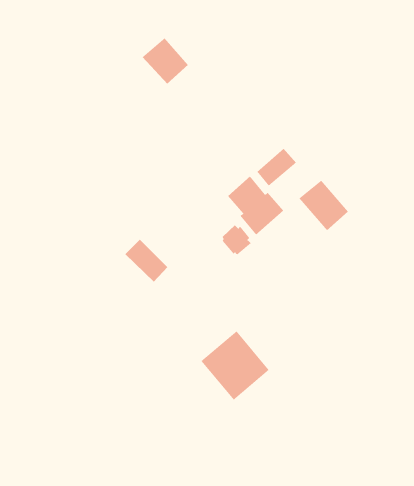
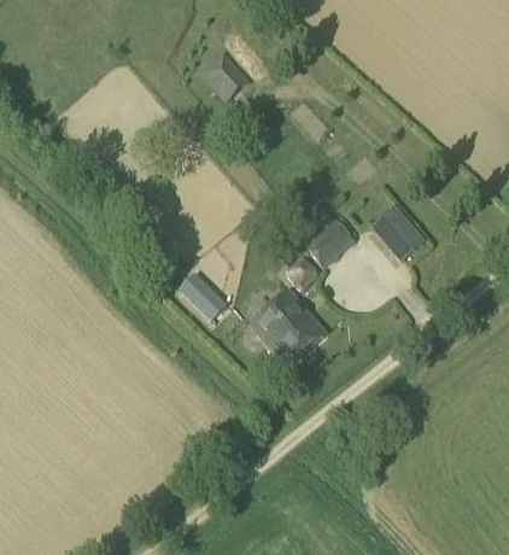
building: [257,148,297,186] -> none
building: [201,330,270,401] -> [250,290,326,367]

